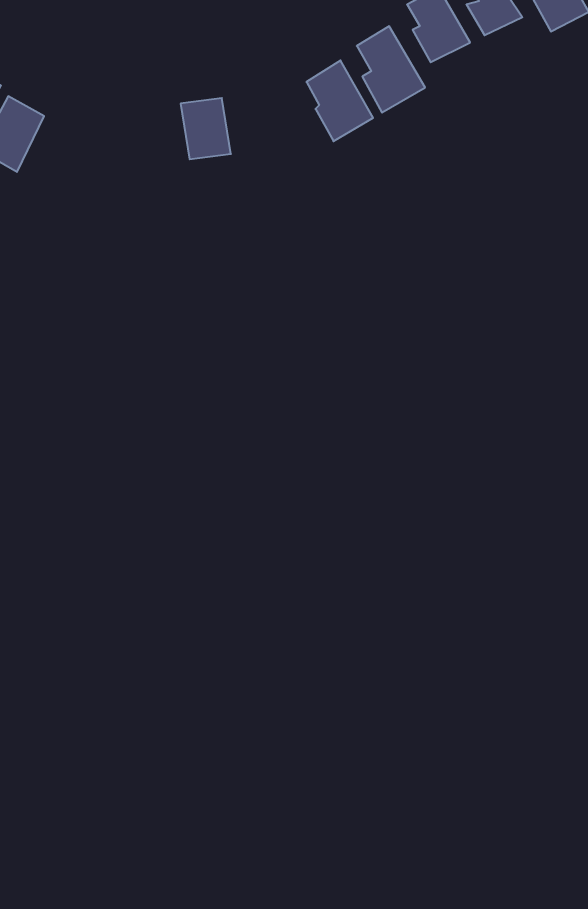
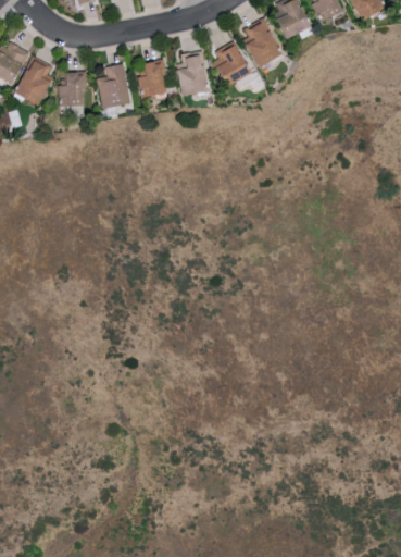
building: none -> [177,49,212,96]
building: none -> [96,63,133,109]
building: none -> [57,70,84,104]

